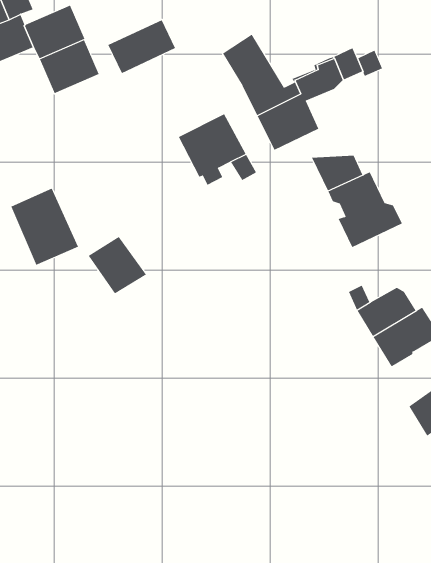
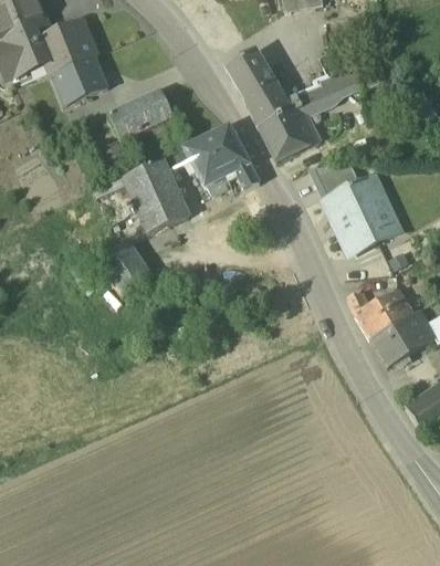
building: [108,19,176,74] -> [109,86,175,138]
building: [11,188,79,265] -> [123,157,188,231]

